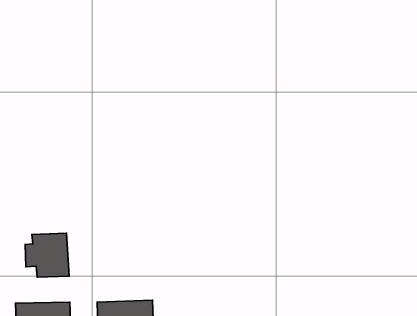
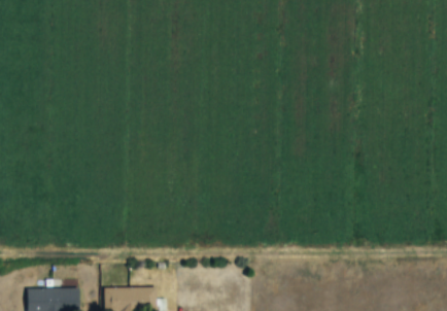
building: [25,233,69,277] -> none

